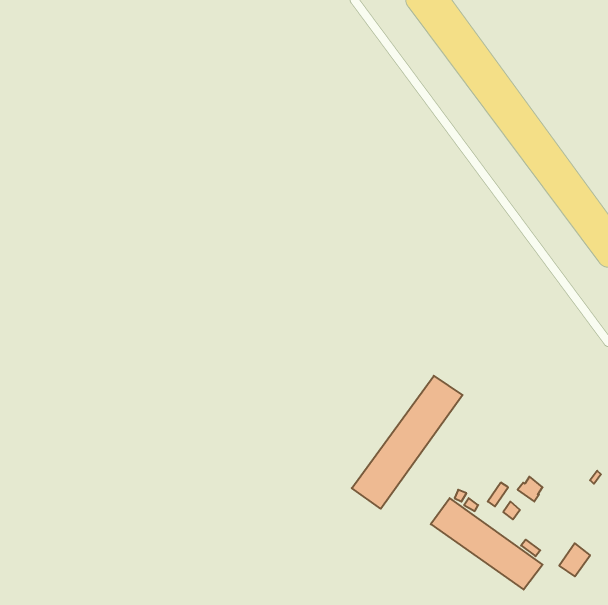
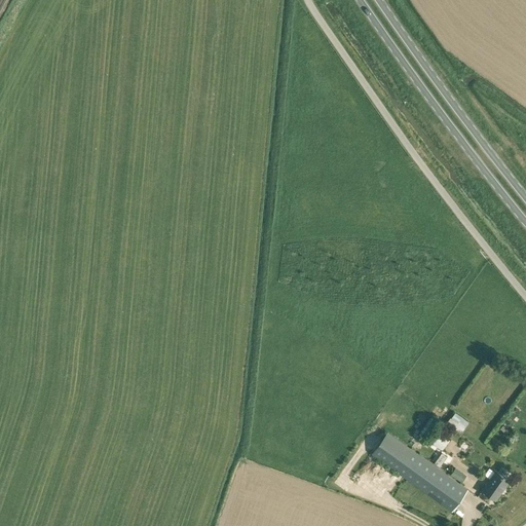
building: [352,376,463,509] -> none

